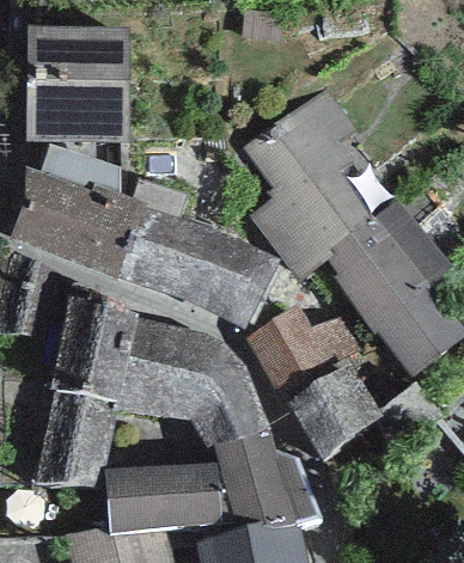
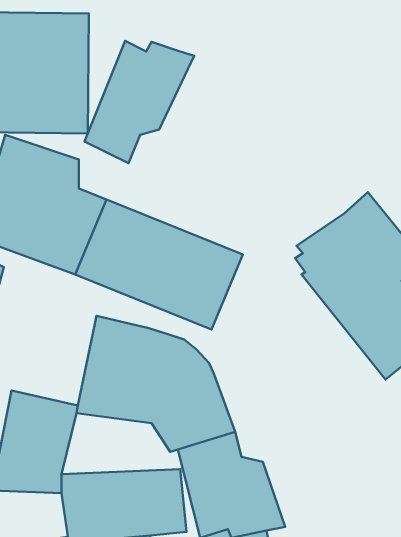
building: none -> [84,41,194,163]
building: [244,87,374,281] -> none
building: [50,295,139,402] -> none
building: [243,302,385,455] -> none

